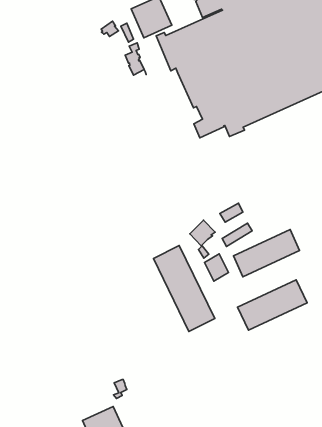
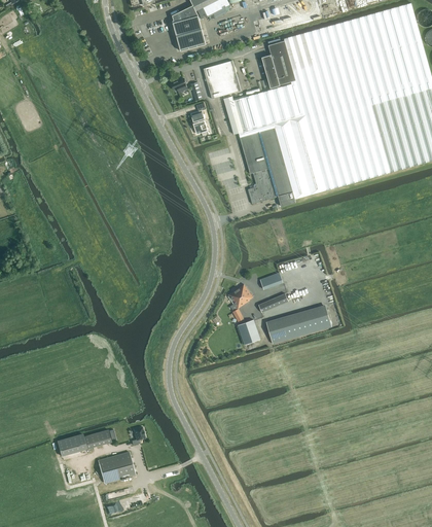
building: [154,246,215,331] -> none
building: [238,280,307,330] -> none
building: none -> [57,429,111,456]

